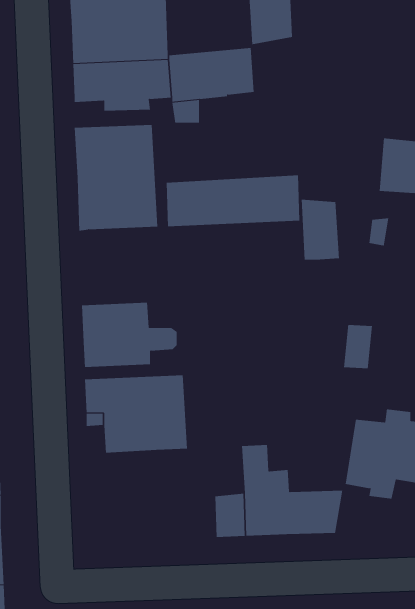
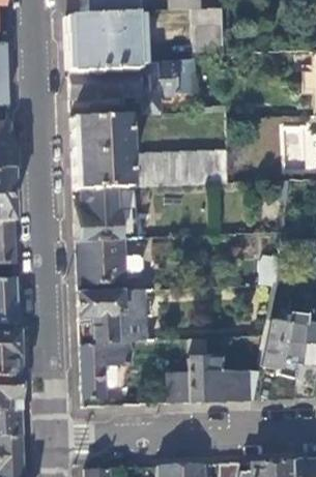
building: [301,199,339,260] -> none
building: none -> [76,185,139,240]
building: none -> [81,341,131,397]

